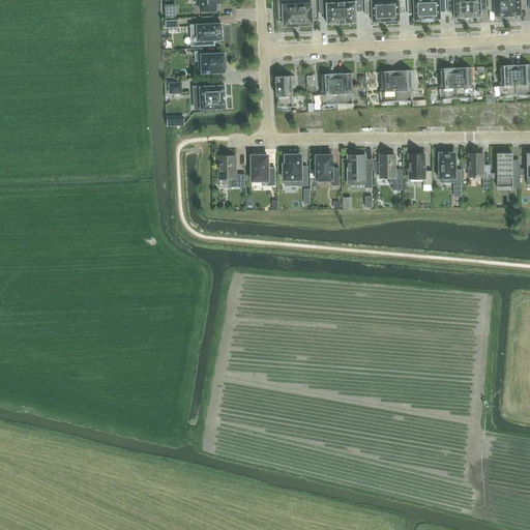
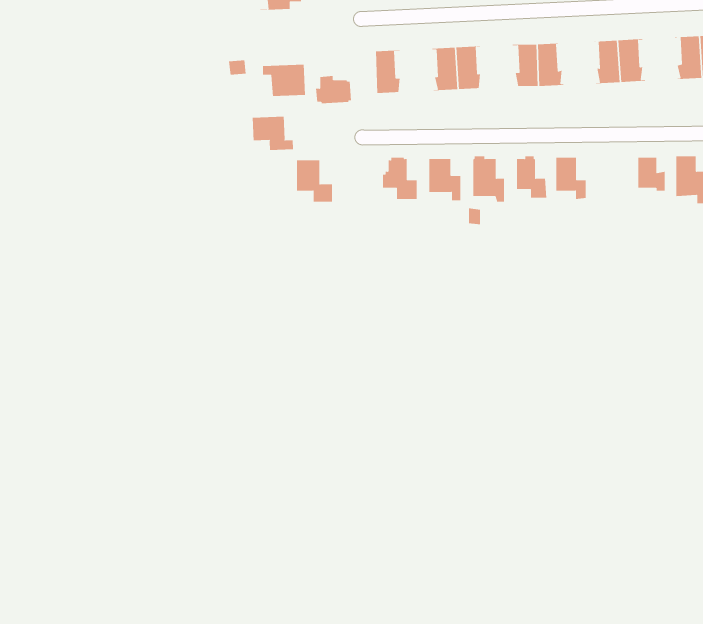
building: [199,51,226,71] -> [315,76,352,104]
building: none -> [252,116,293,151]
building: [438,150,461,181] -> none
building: [252,153,275,184] -> none

